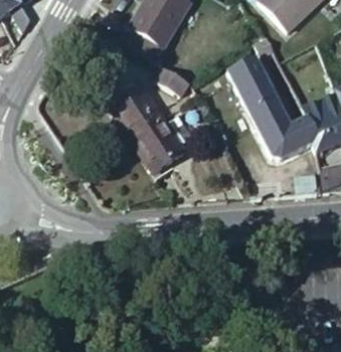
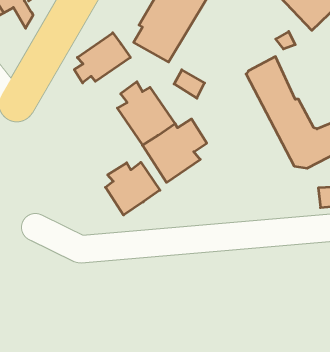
building: none -> [74,33,130,83]
building: none -> [105,162,160,215]

